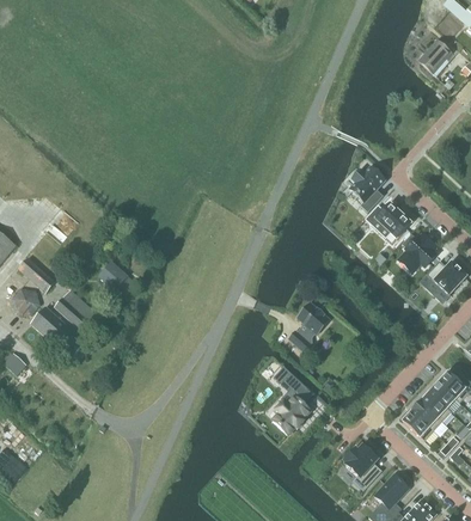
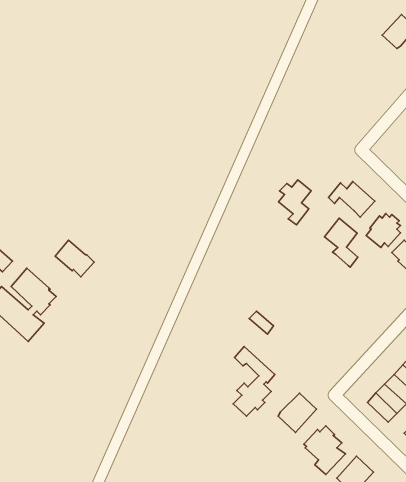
building: [347,166,379,210] -> [278,180,311,225]
building: none -> [324,218,358,267]
building: [296,302,330,335] -> none
building: none -> [278,393,317,432]

